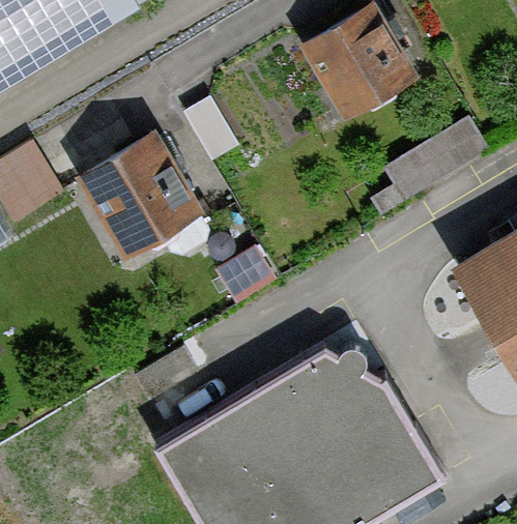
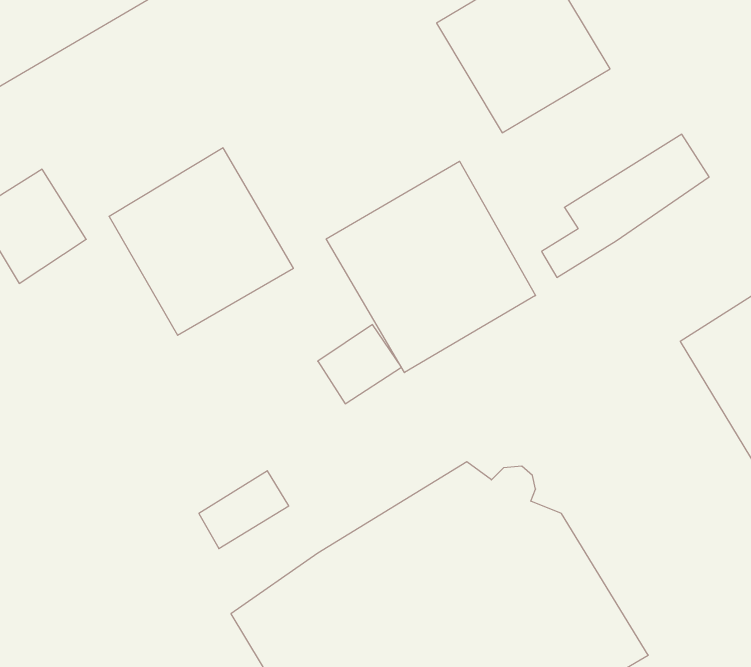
building: none -> [326,161,536,373]

